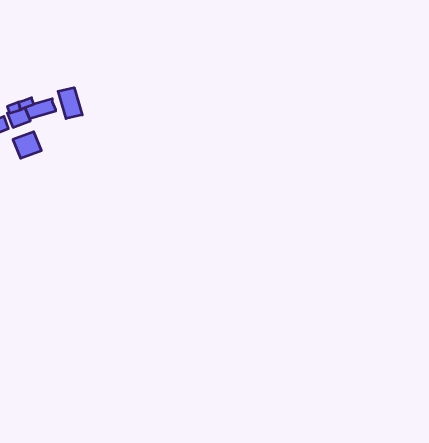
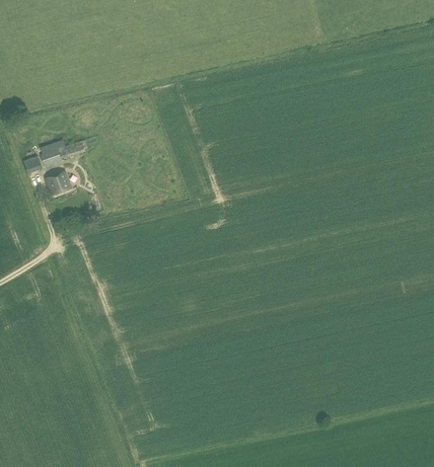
building: [58,88,82,119] -> none

